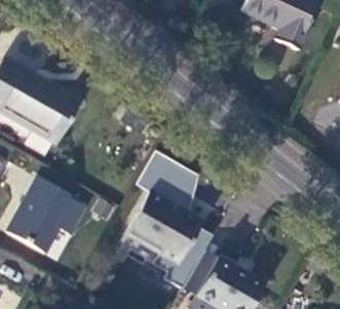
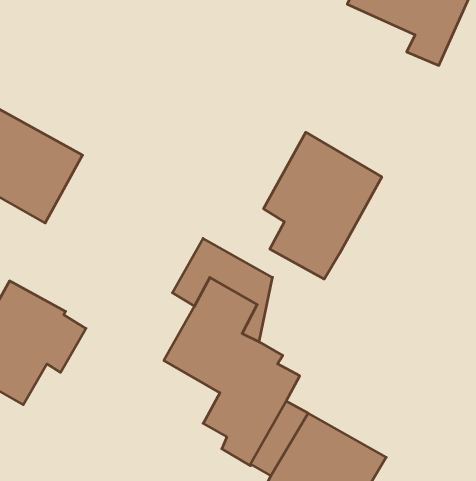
building: none -> [264,132,382,279]

